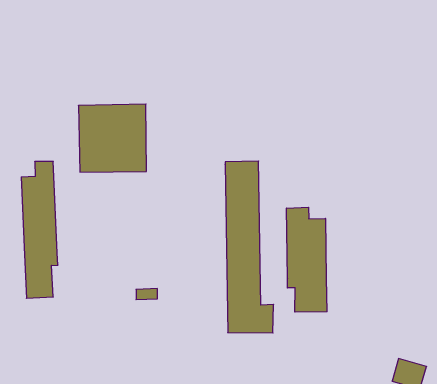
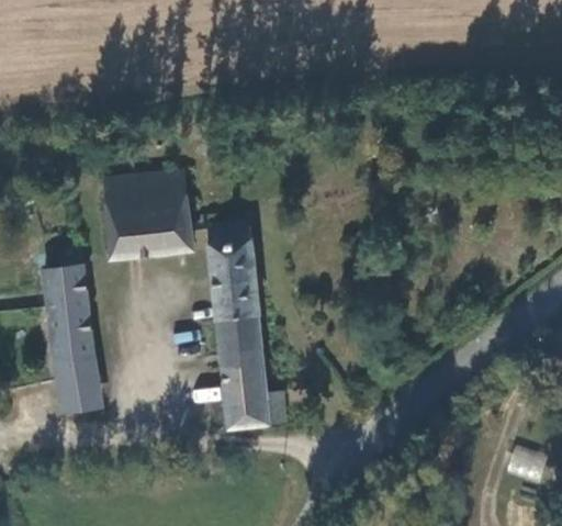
building: [225,161,274,333] -> [209,221,283,428]
building: [287,207,327,312] -> none

